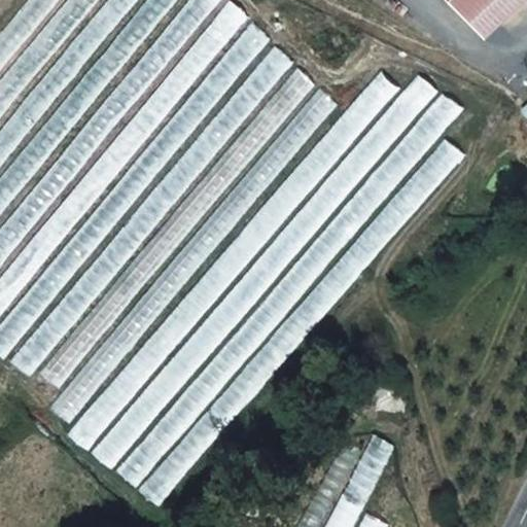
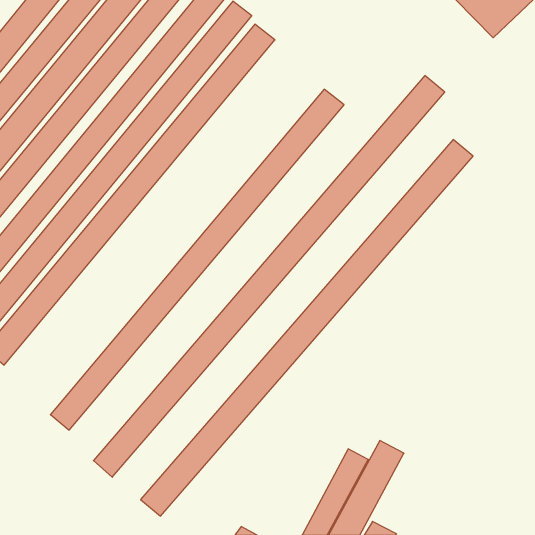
building: [9,45,293,376] -> none
building: [40,67,315,387] -> none
building: [67,70,400,451] -> none
building: [115,92,459,485] -> none

